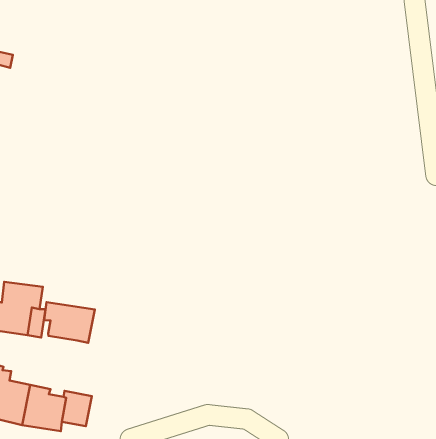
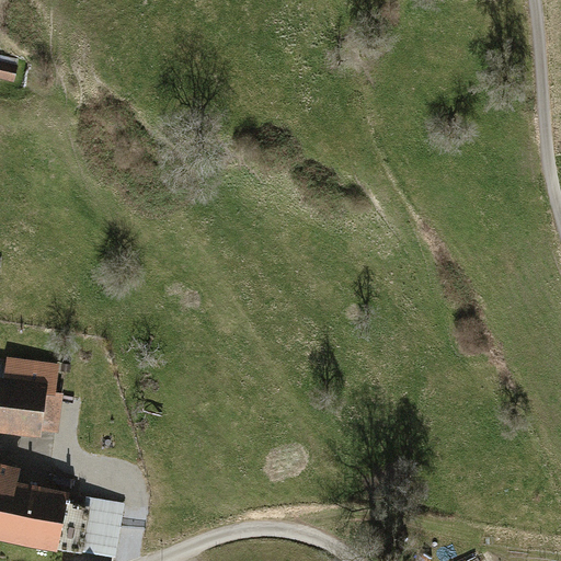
building: [44,302,95,343] -> none

